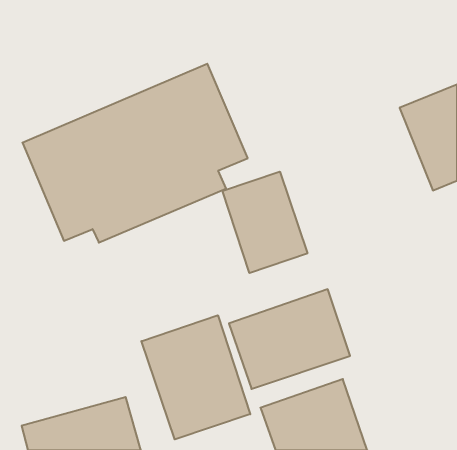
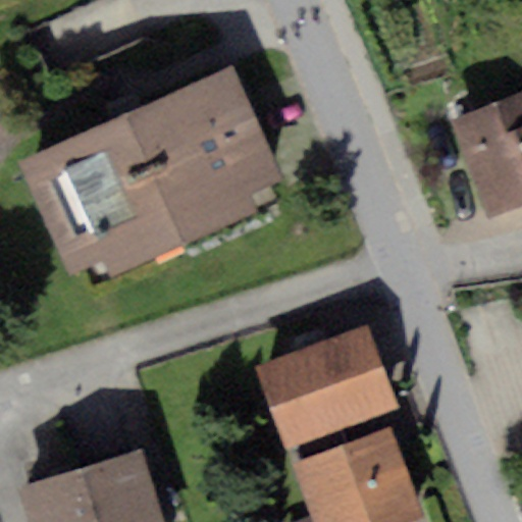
building: [222,172,307,273] -> none
building: [141,315,250,439] -> none

